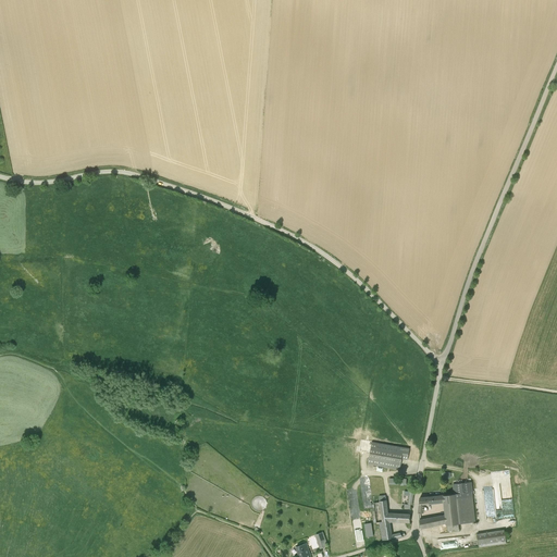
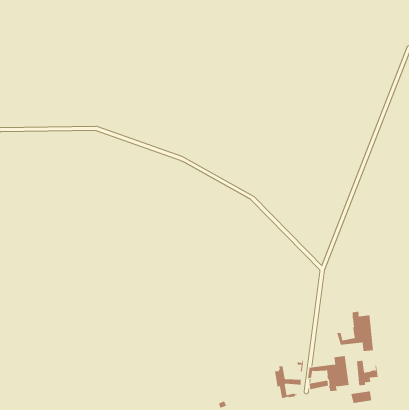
building: none -> [337,311,373,352]
building: [367,442,408,470] -> none

